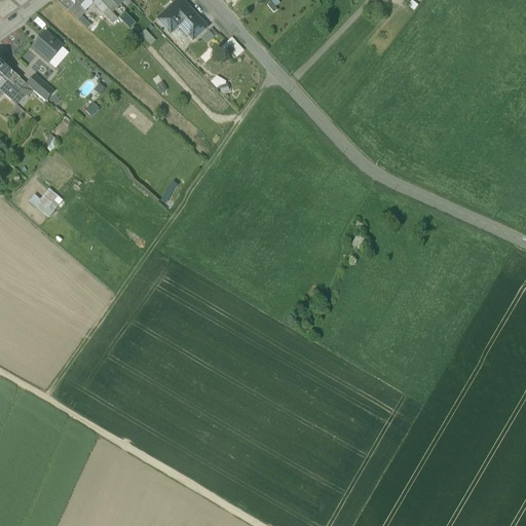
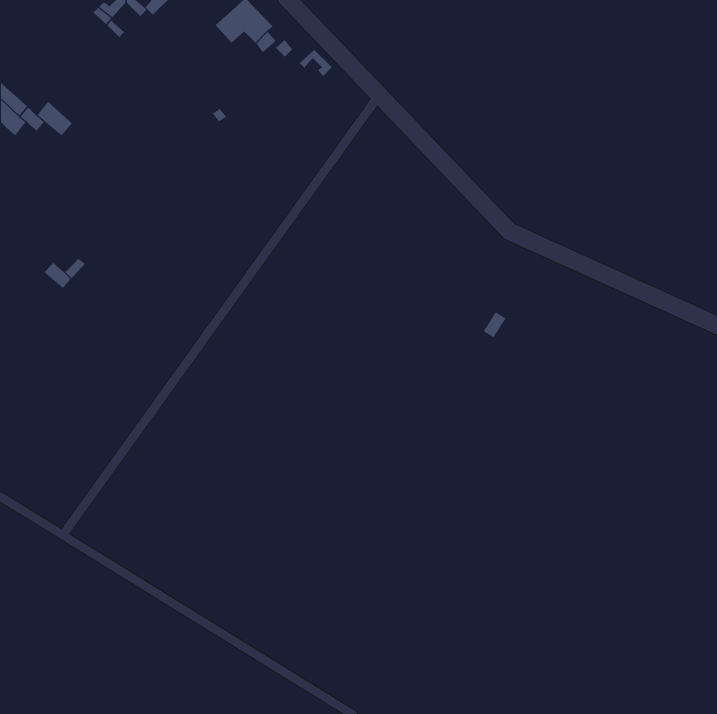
building: [32,32,62,62] -> none

